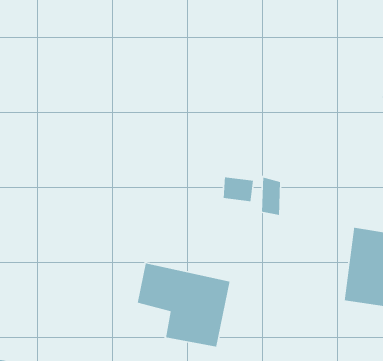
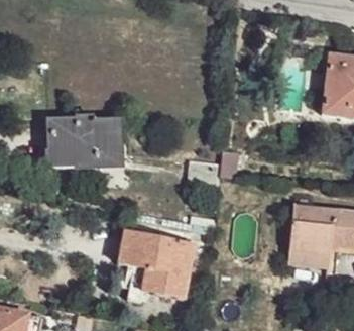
building: none -> [50,122,120,169]

